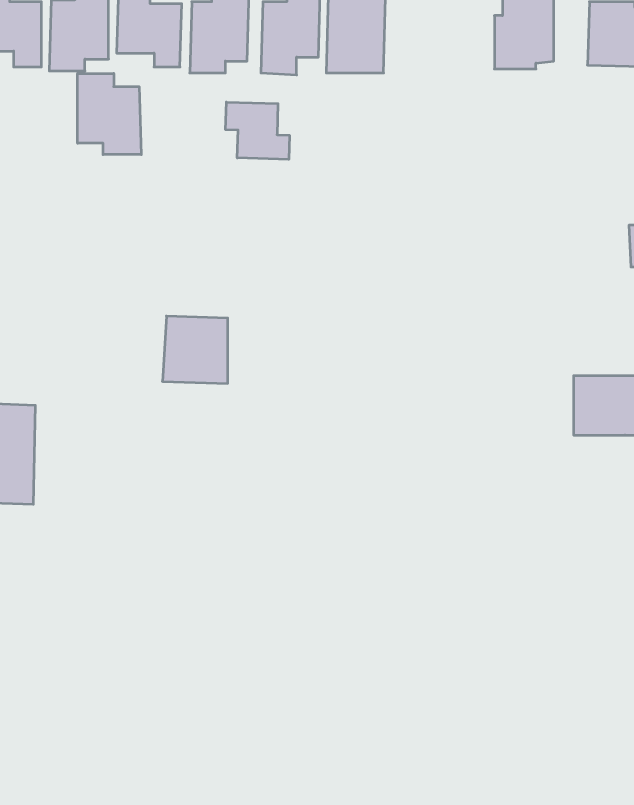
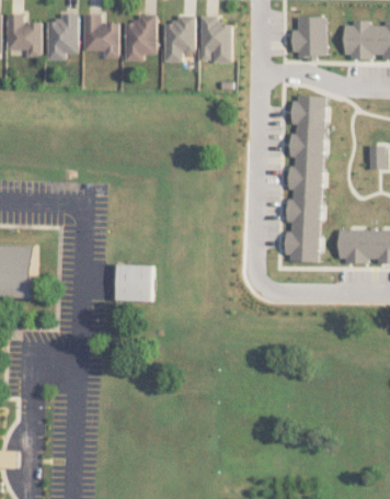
building: [78,73,141,155] -> none
building: [226,102,289,159] -> none
building: none -> [283,95,324,262]
building: [162,316,228,383] -> [117,264,153,302]

